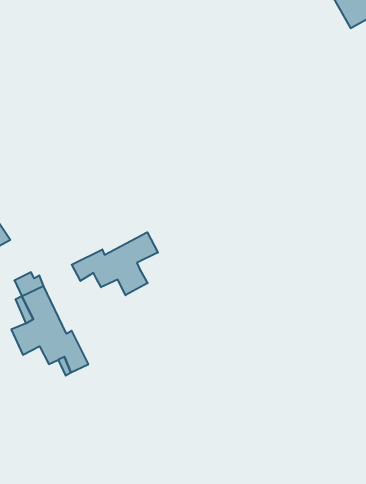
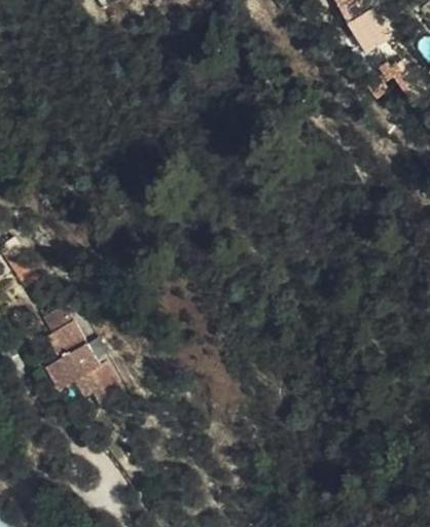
building: [72,232,158,295] -> none

